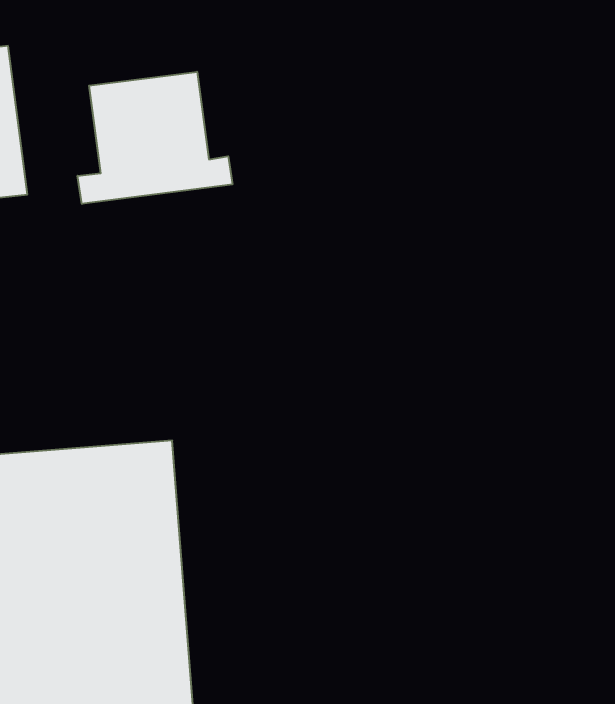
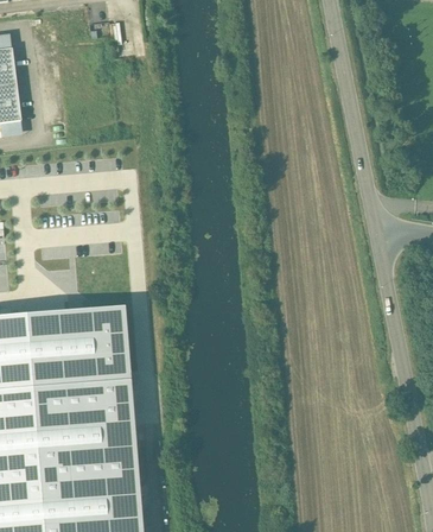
building: [78,72,232,204] -> none

